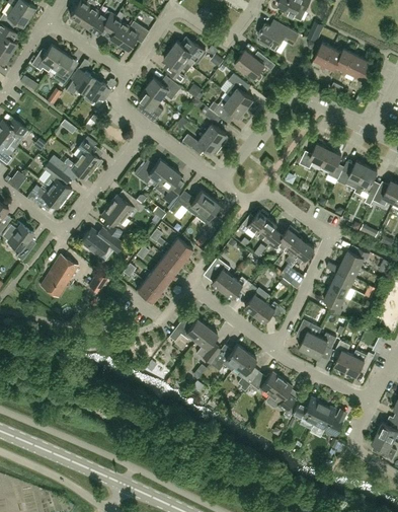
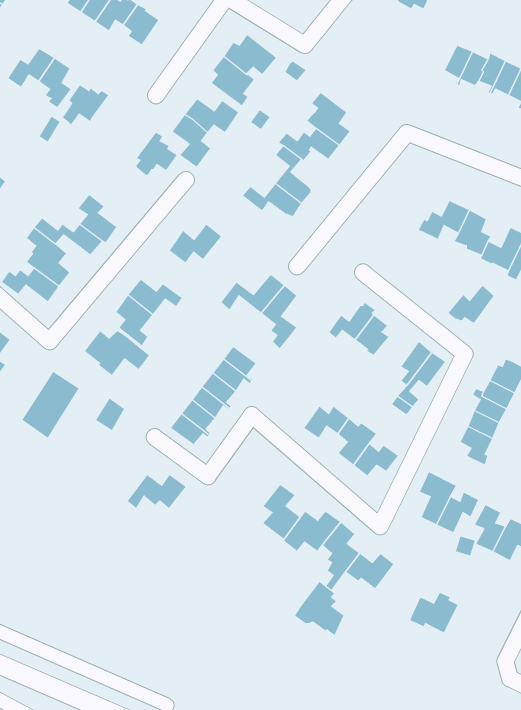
building: [118,21,149,50] -> none
building: [257,23,298,51] -> none
building: [235,51,275,81] -> none
building: [84,76,111,104] -> [135,132,177,176]
building: [155,167,184,204] -> none
building: [268,226,299,251] -> [448,285,495,324]
building: [209,258,233,291] -> none
building: [169,319,208,342] -> [127,474,186,509]
building: [265,379,298,415] -> [294,581,344,636]
building: [314,406,342,437] -> none

